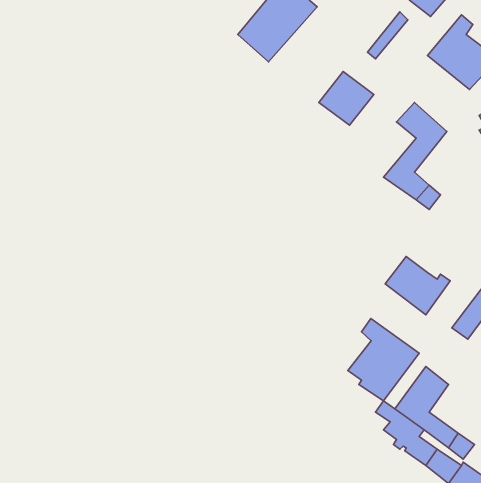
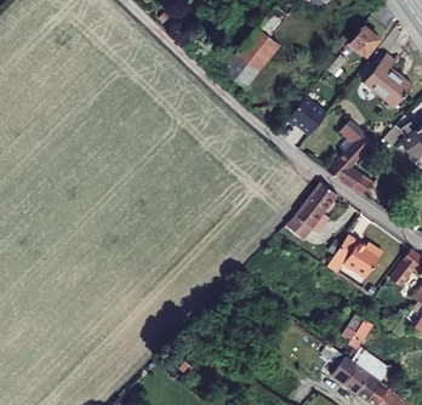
building: none -> [292,181,337,233]
building: [348,319,419,401] -> none

